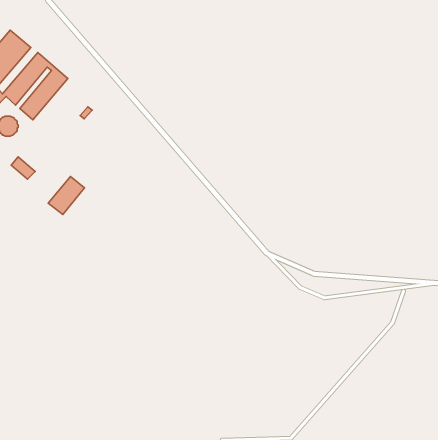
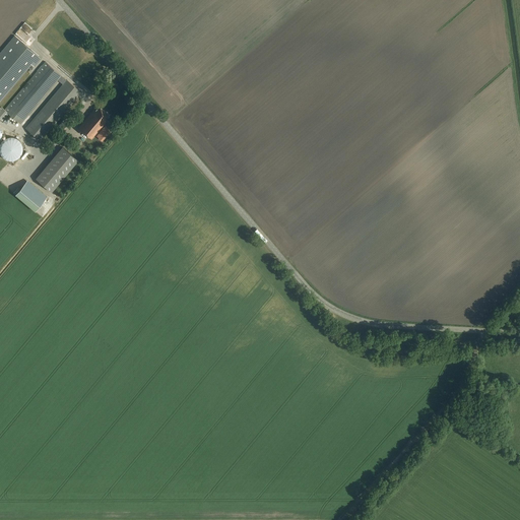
building: none -> [76,106,110,139]
building: [48,177,84,214] -> [34,147,76,192]

